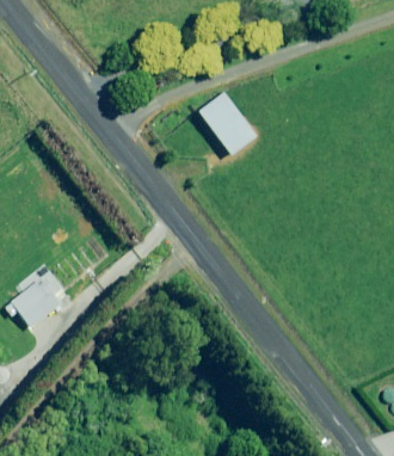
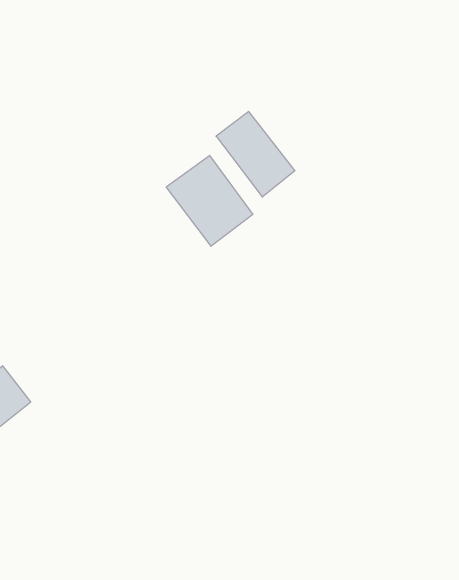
building: none -> [166,155,253,246]

